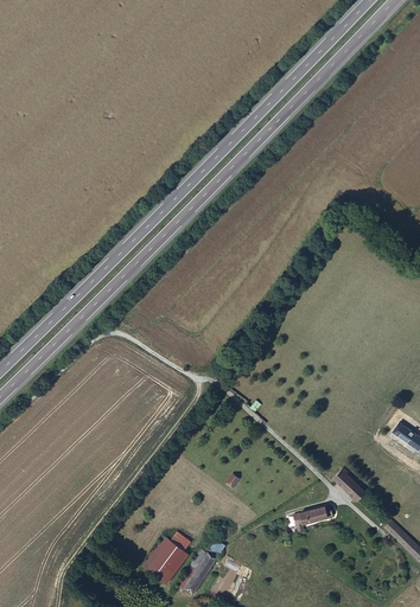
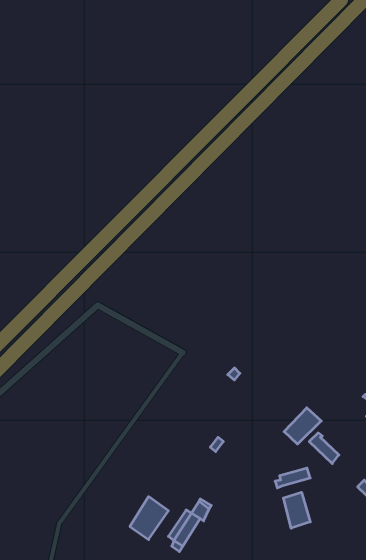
building: none -> [284,408,321,444]
building: none -> [283,492,310,528]

